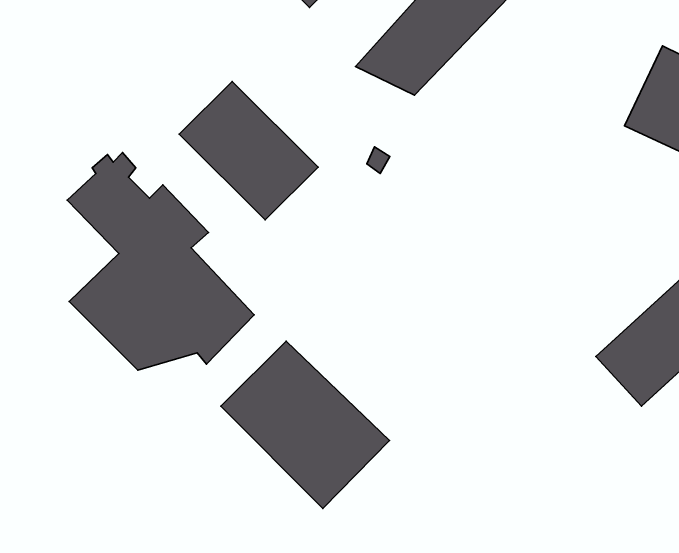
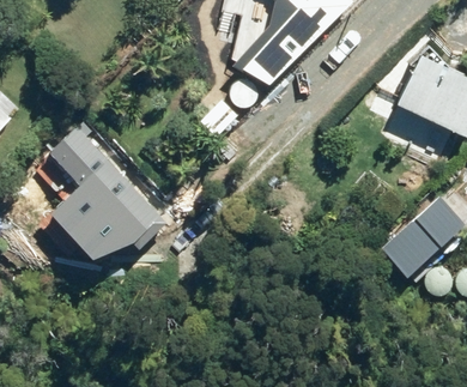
building: [179,81,318,220] -> none
building: [221,341,389,508] -> none

